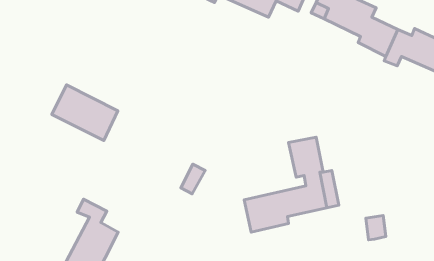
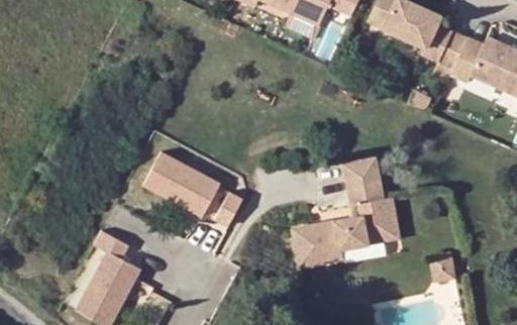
building: [52,85,118,140] -> [143,154,220,219]

